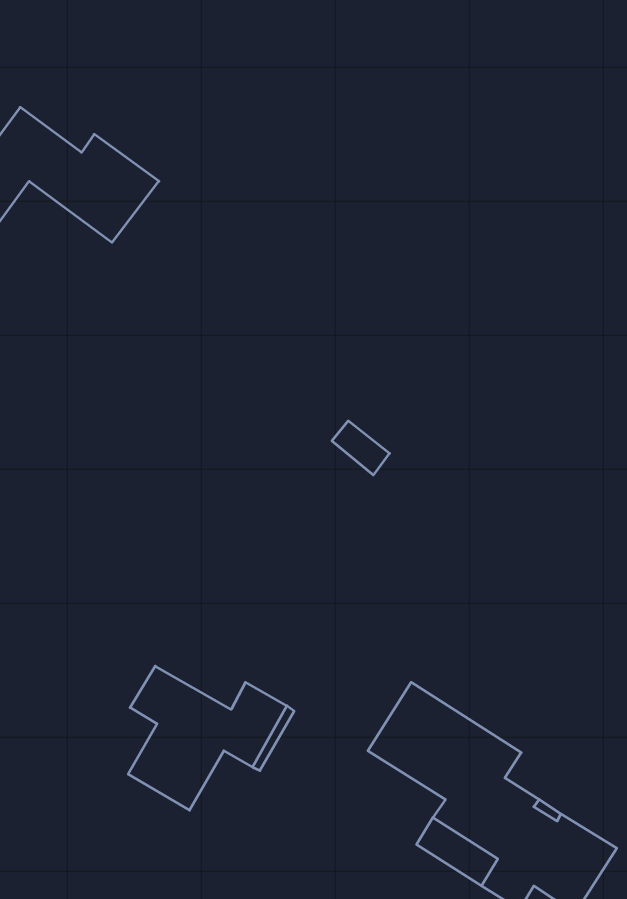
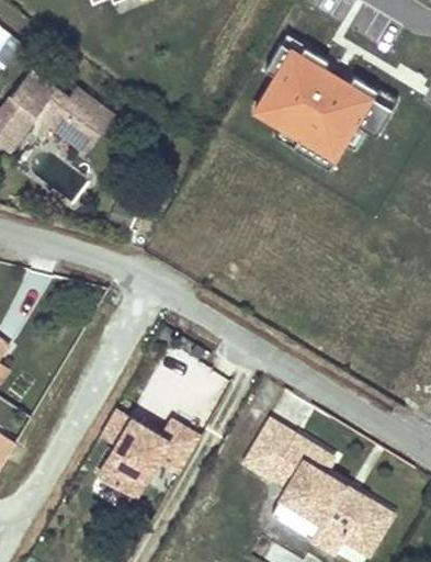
building: none -> [256,53,374,166]

